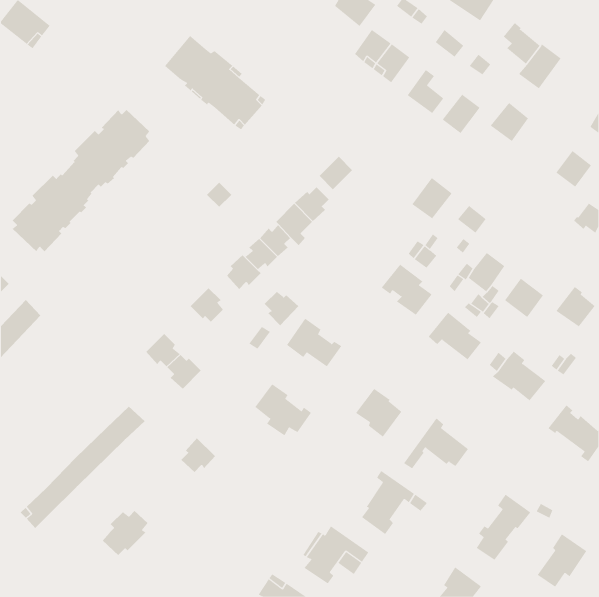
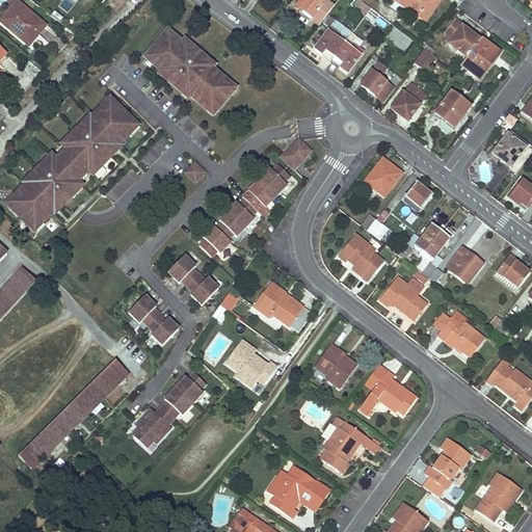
building: [264,291,299,326] -> [187,274,218,305]
building: none -> [175,373,206,404]
building: [102,510,149,556] -> [131,407,172,448]

